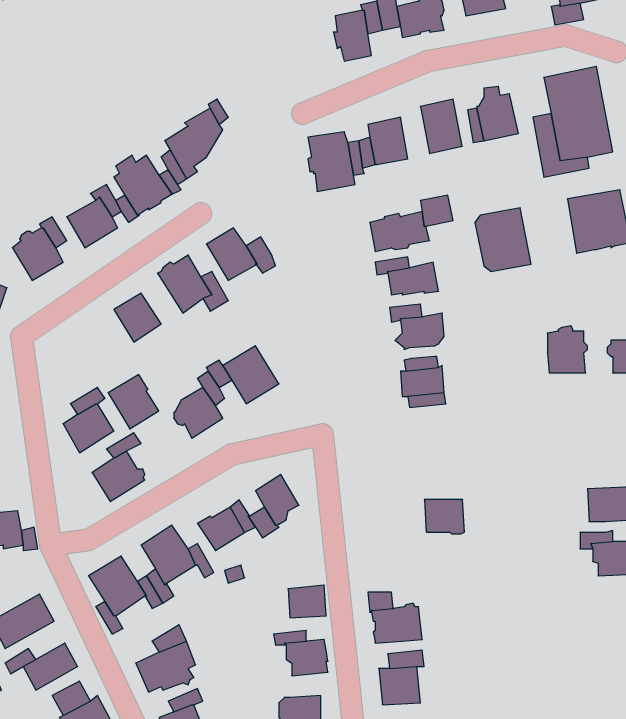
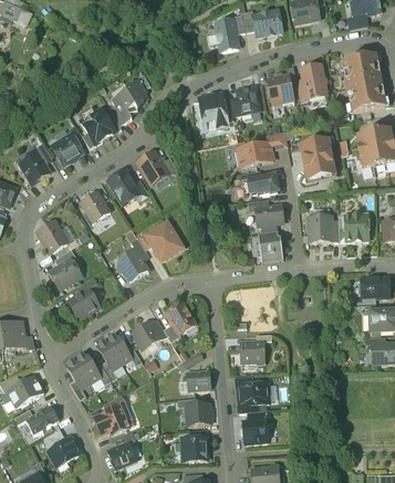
building: none -> [309,216,332,241]
building: [108,375,159,429] -> [37,220,67,253]
building: none -> [362,275,388,297]
building: [424,499,464,534] -> [240,340,264,361]

